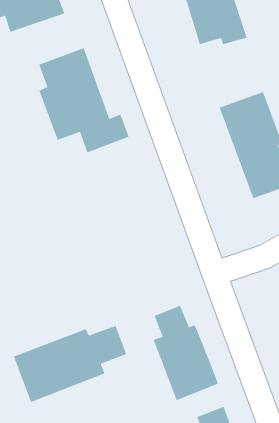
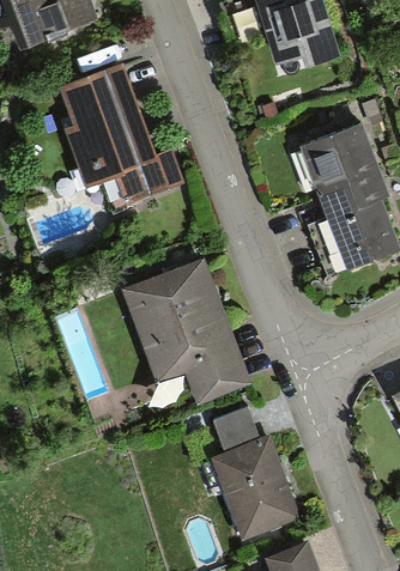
building: none -> [120,266,240,405]
building: [13,325,127,403] -> none

